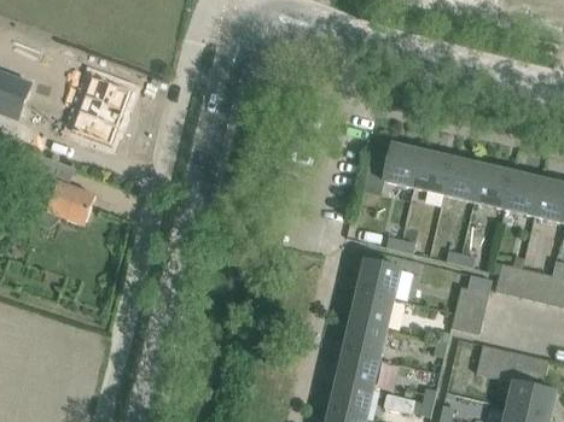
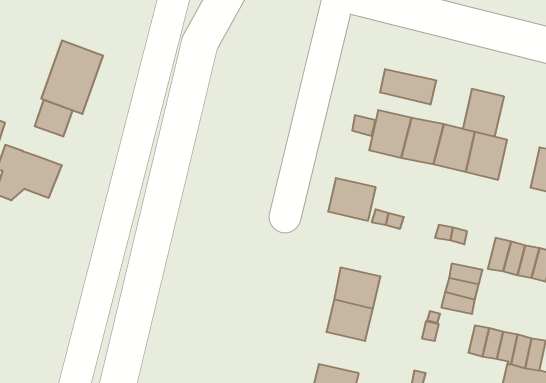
building: none -> [380,69,436,105]
building: none -> [35,100,72,137]
building: [504,170,542,215] -> [463,89,504,137]
building: [356,258,401,298] -> [328,178,376,221]
building: [336,350,379,388] -> none

